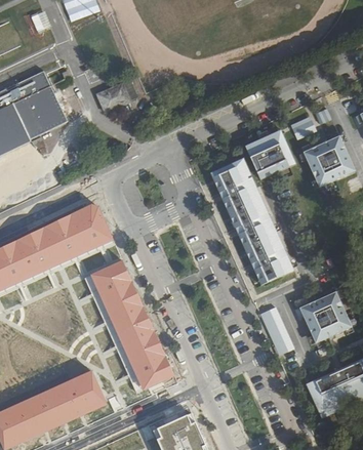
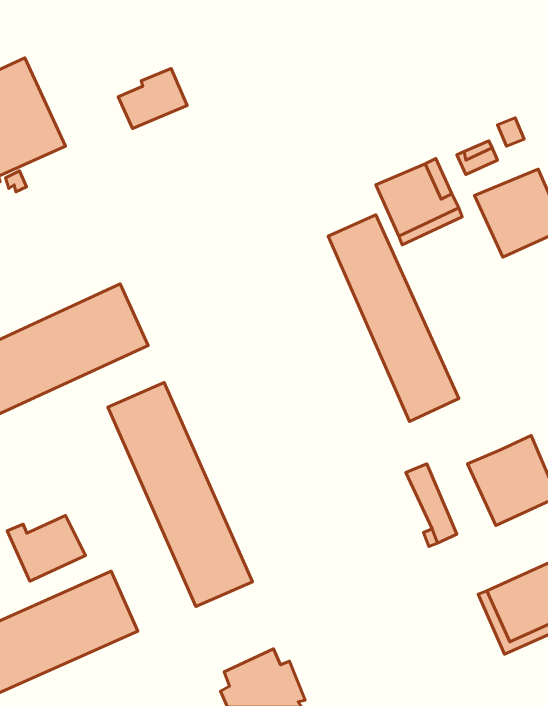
building: [210,157,265,284] -> none
building: none -> [7,516,85,581]

